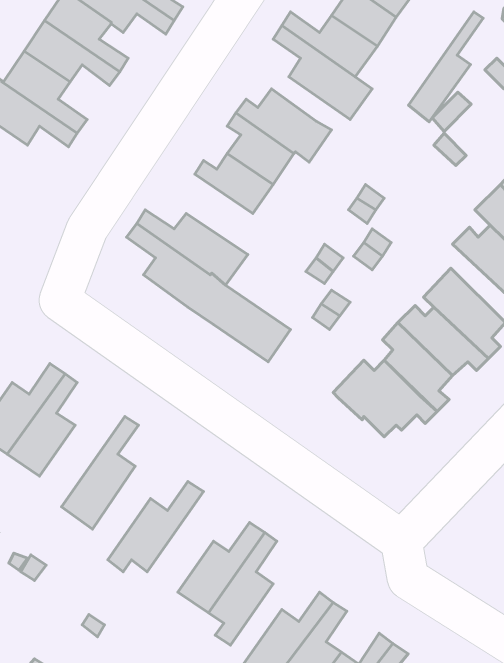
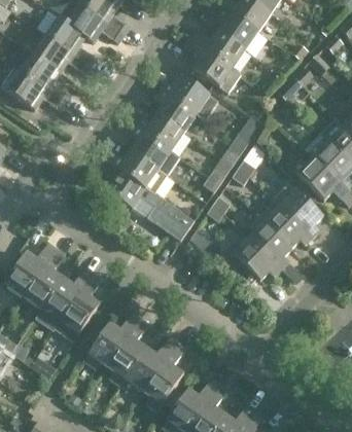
building: [408,12,483,122] -> none
building: none -> [131,127,180,175]
building: none -> [37,266,94,327]
building: none -> [107,318,148,386]

